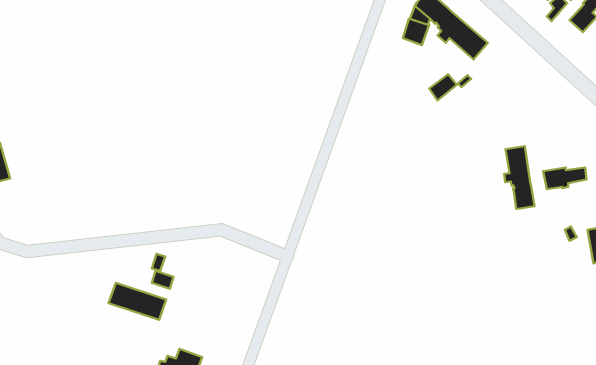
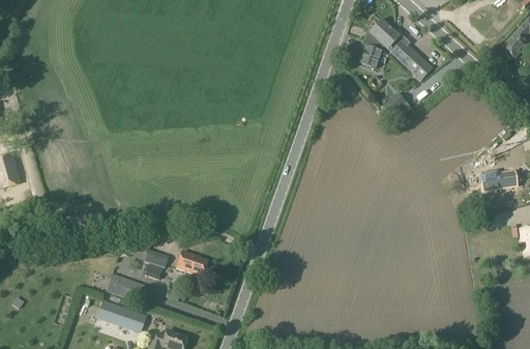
building: [504,146,534,209] -> none
building: none -> [177,249,209,274]
building: none -> [97,297,147,330]

